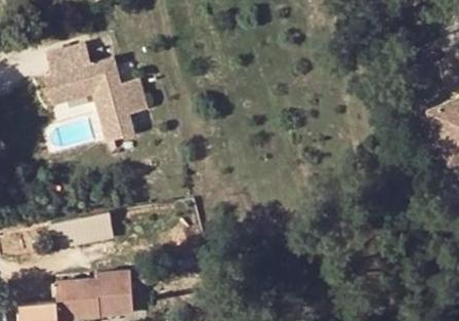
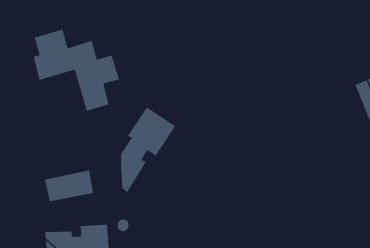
building: none -> [120,106,176,193]

